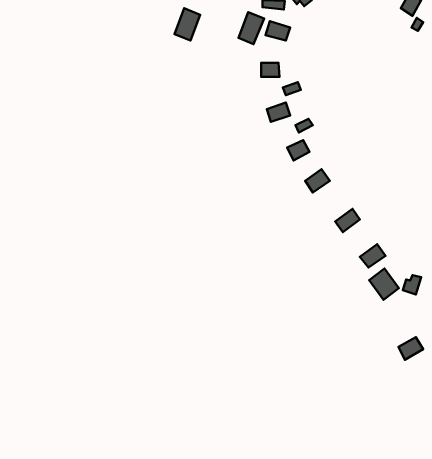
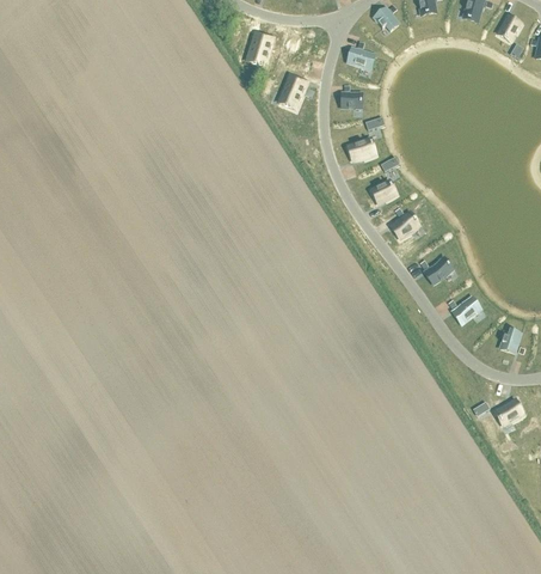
building: [239,12,264,44] -> [278,74,307,110]
building: [369,268,399,300] -> none

